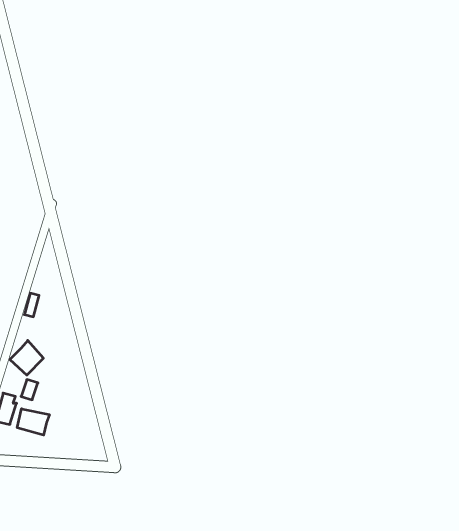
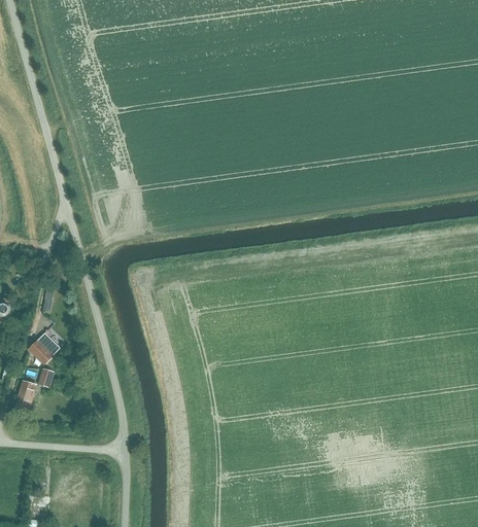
building: [17,409,49,435] -> none

